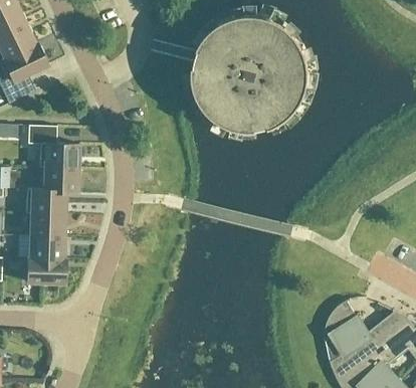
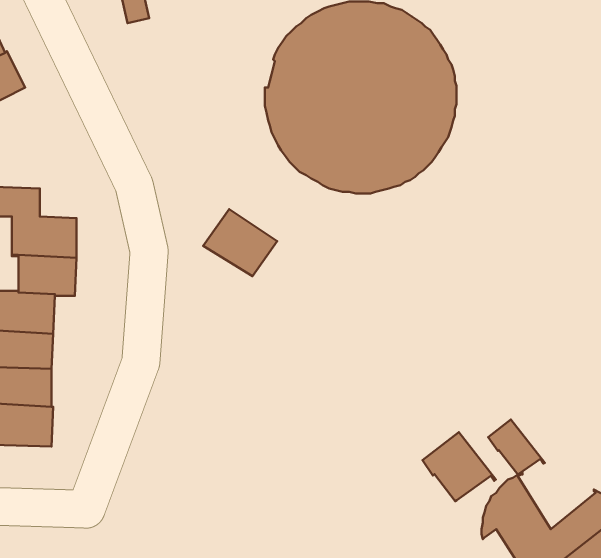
building: none -> [203,209,277,276]
building: none -> [488,419,545,475]
building: none -> [423,432,496,501]

